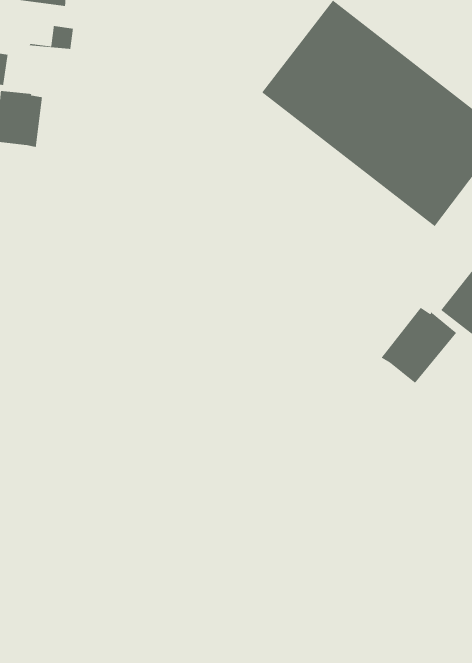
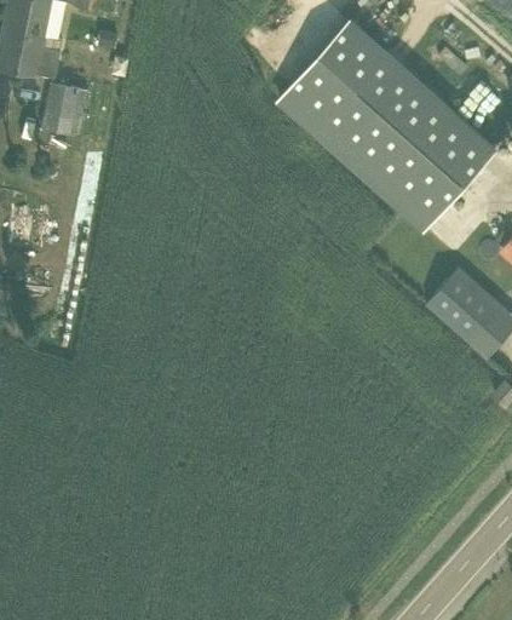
building: [381,307,457,384] -> none

